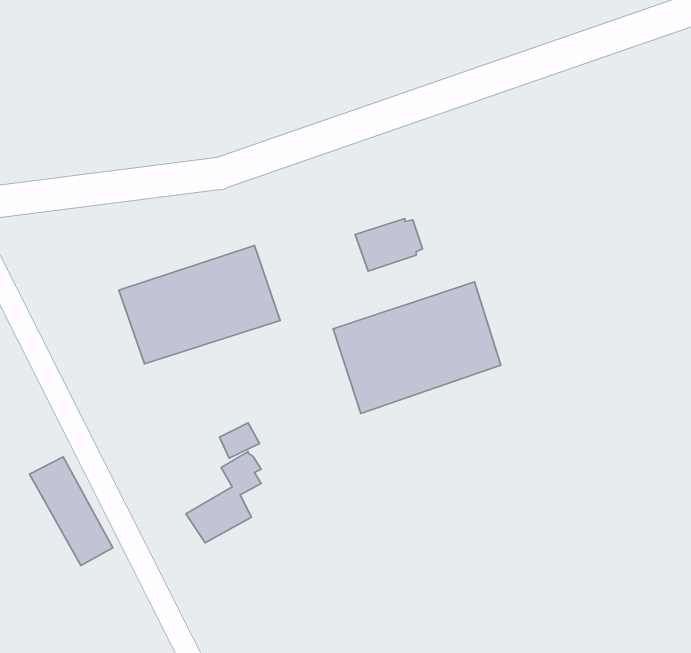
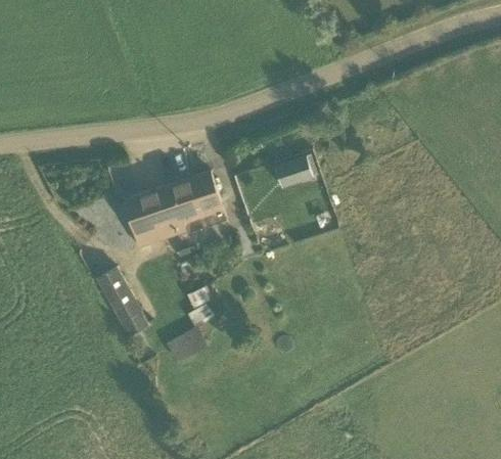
building: [333,282,501,414] -> none
building: [30,457,113,565] -> [94,265,147,334]

